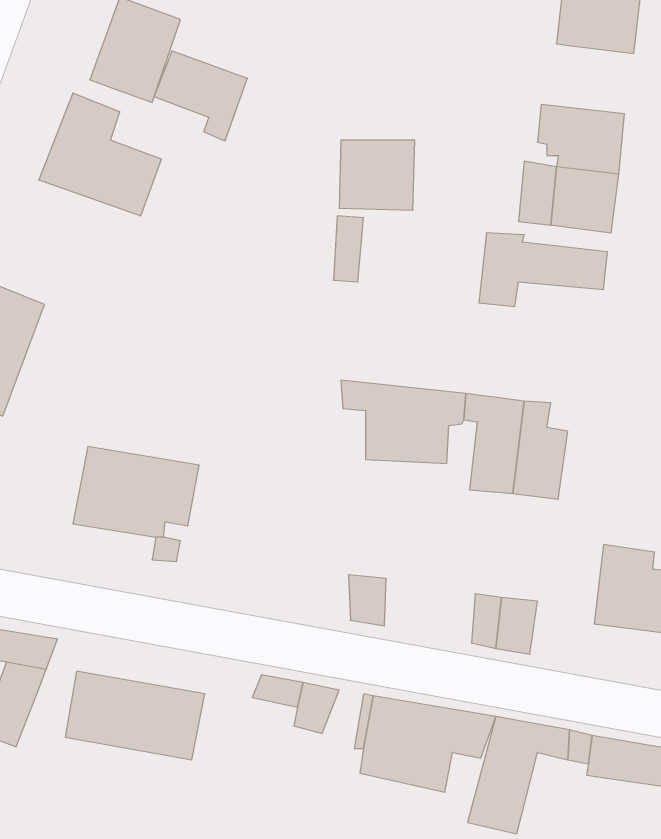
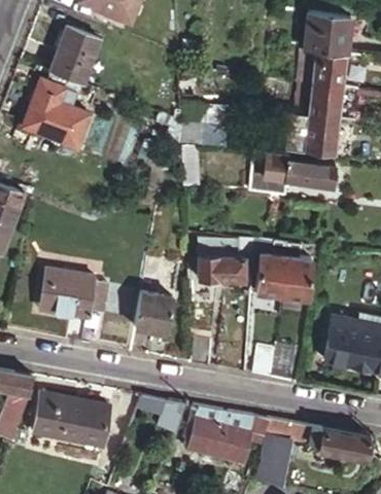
building: none -> [296,55,346,92]
building: [154,51,247,141] -> none
building: none -> [135,296,176,338]

